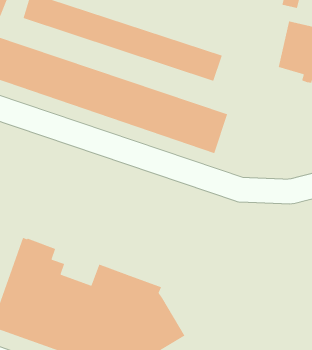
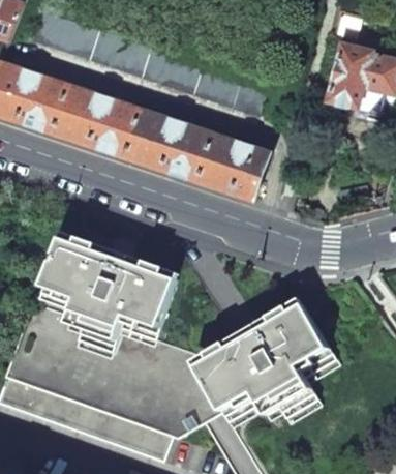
building: none -> [38,237,176,352]
building: none -> [195,303,334,422]

